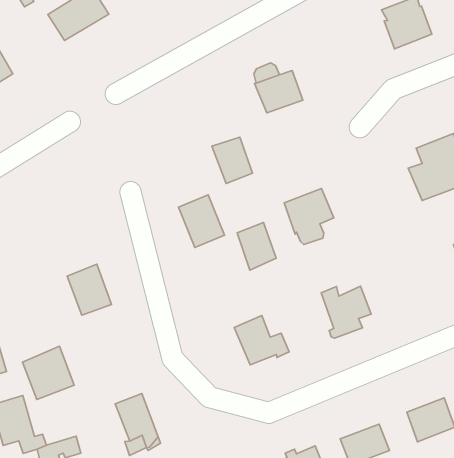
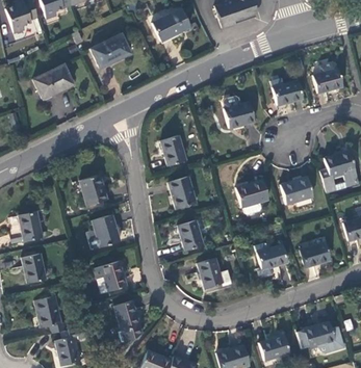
building: none -> [270,77,301,103]
building: [212,137,253,183] -> [160,134,185,163]
building: none -> [280,175,312,203]
building: none -> [79,174,106,205]
building: [237,222,276,270] -> [179,219,203,249]
building: none -> [299,240,329,267]
building: [22,346,74,400] -> [95,260,127,293]

